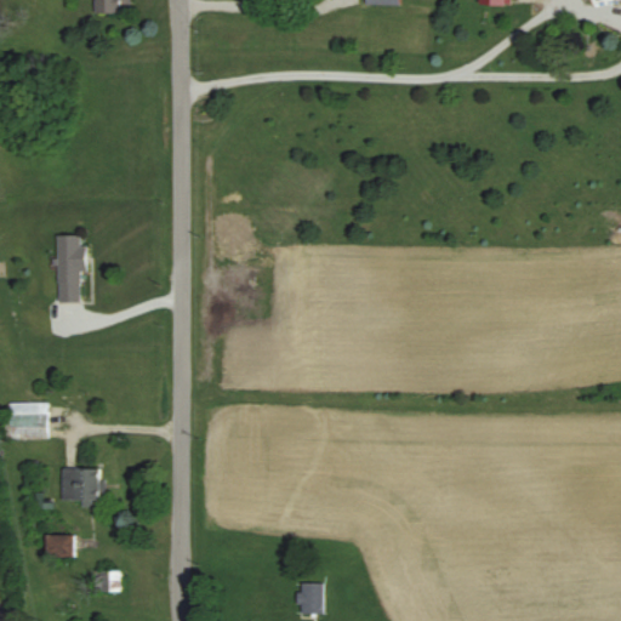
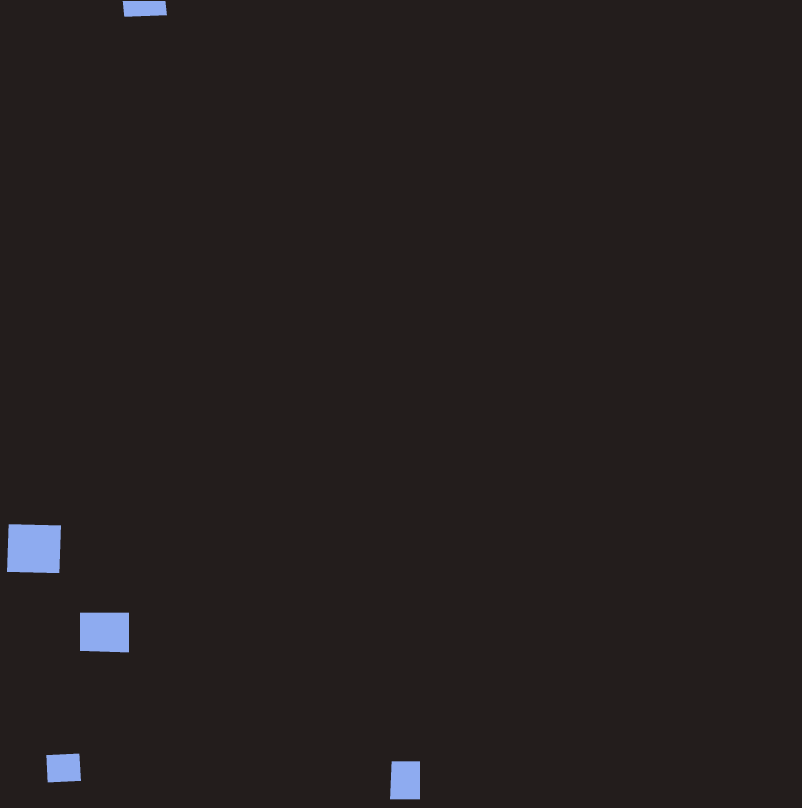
building: [56,235,86,302] -> none
building: [46,535,74,558] -> [45,753,82,783]

